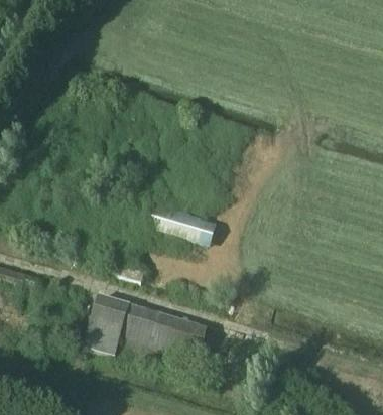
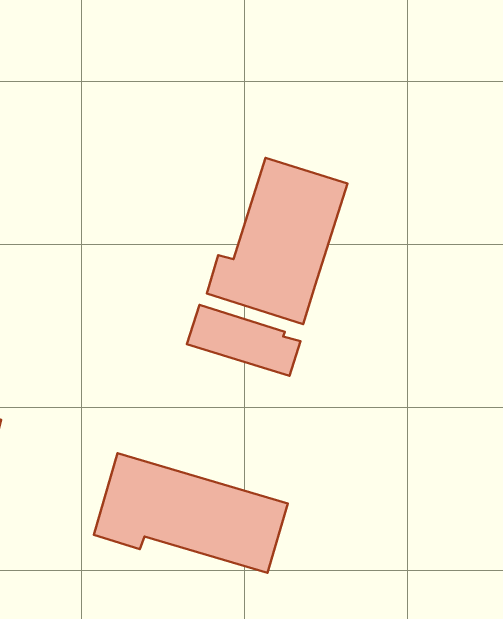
building: none -> [207,158,347,324]

